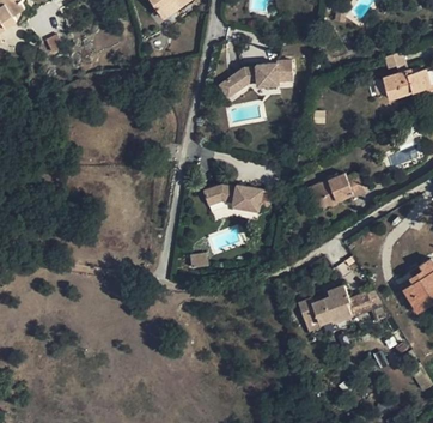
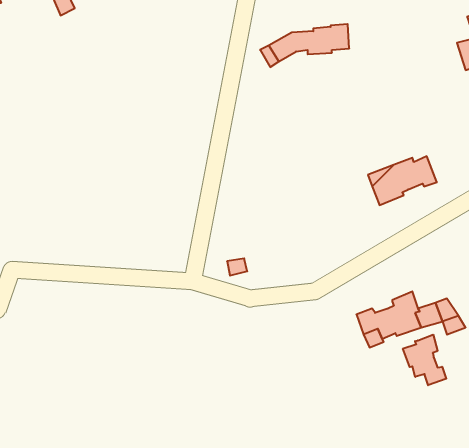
building: [201,183,261,212] -> none
building: none -> [403,335,446,385]

